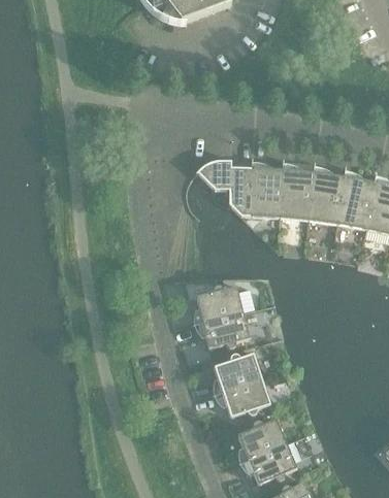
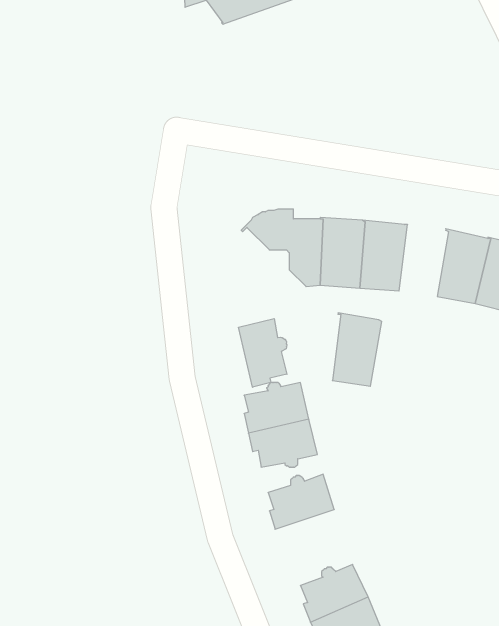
building: [310,169,346,223] -> [332,313,382,386]
building: none -> [239,319,287,387]
building: [219,378,270,417] -> none

